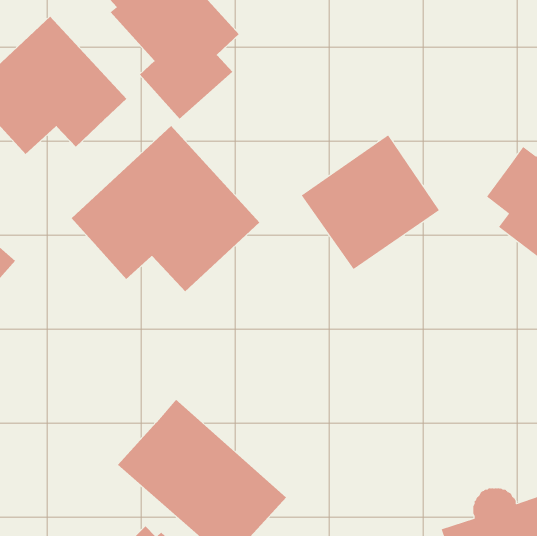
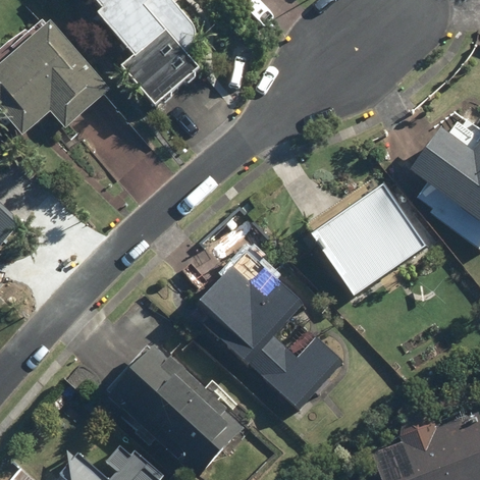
building: [71,125,260,292] -> none
building: [301,134,440,270] -> [307,185,423,299]
building: none -> [202,254,344,409]

